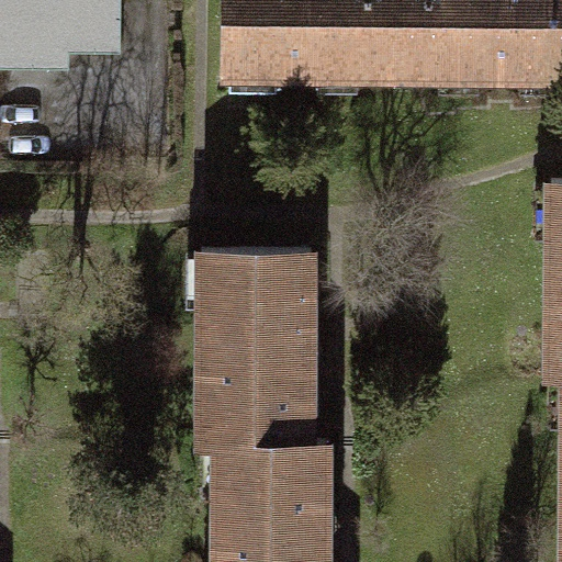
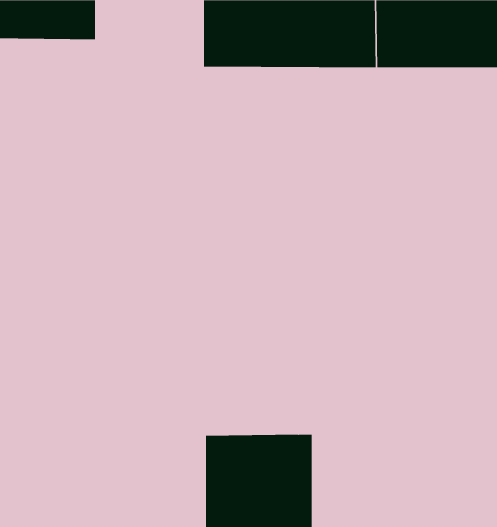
building: [202,252,313,446] -> none

